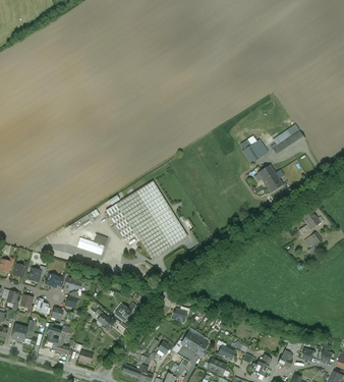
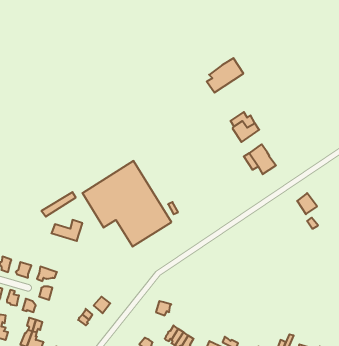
building: [271,124,304,156] -> [207,58,243,93]

